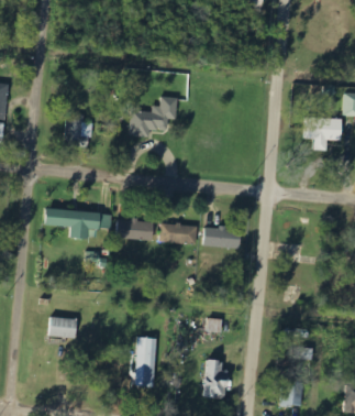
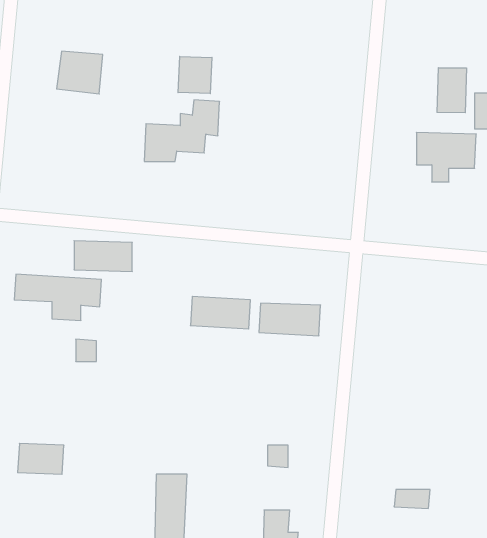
building: none -> [178,56,212,94]
building: none -> [437,68,466,113]
building: [62,119,91,146] -> [57,51,103,94]
building: [115,219,153,239] -> [74,241,132,271]

